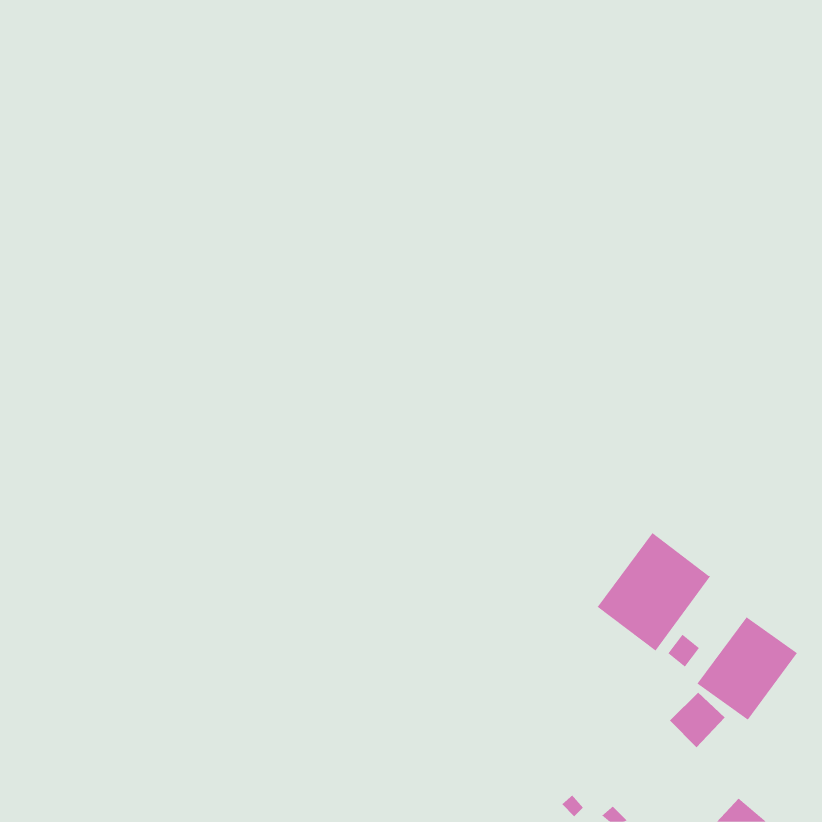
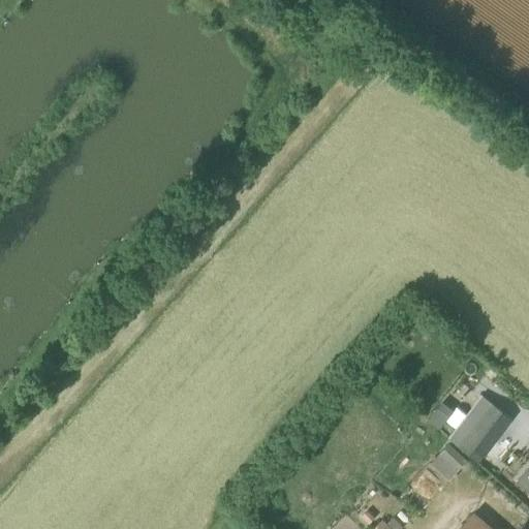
building: [597,532,711,652] -> none

